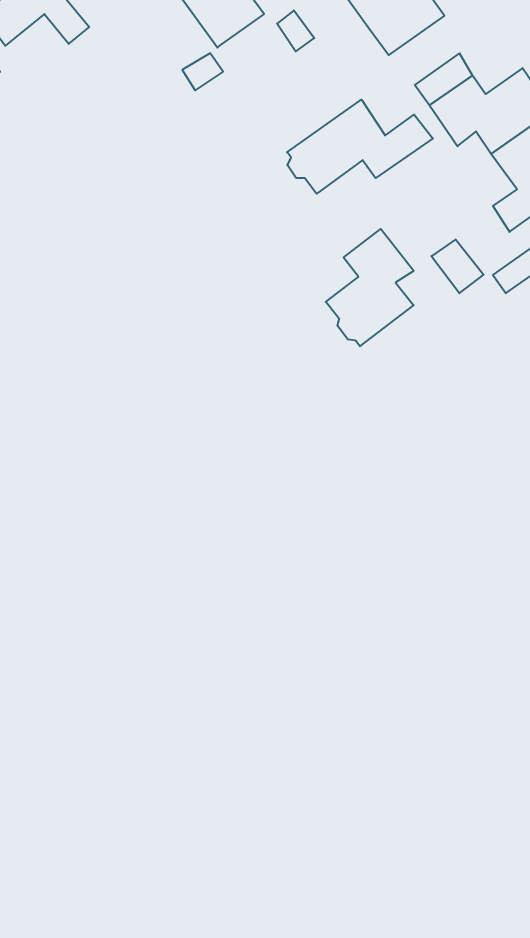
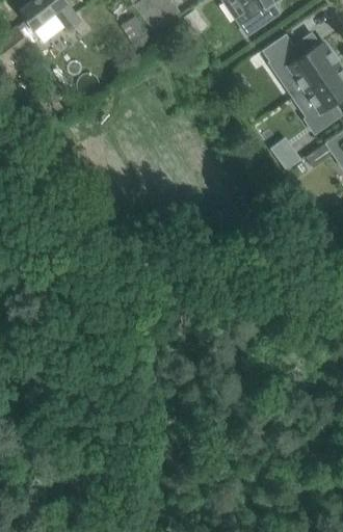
building: [287,100,433,194] -> none
building: [326,229,414,346] -> none

